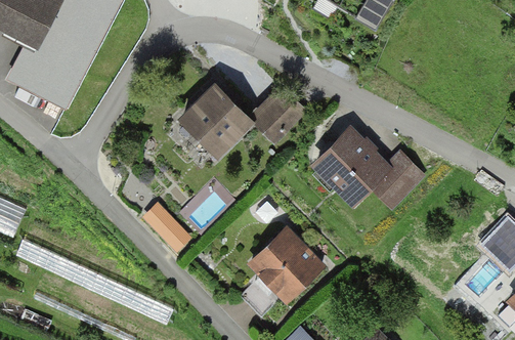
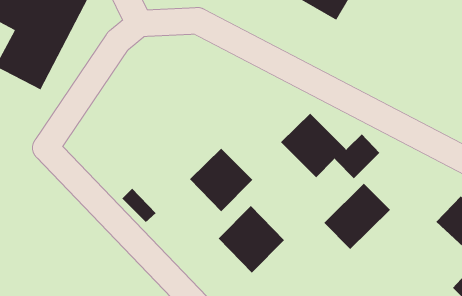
building: [182,86,250,154] -> [189,148,253,212]
building: [256,91,304,139] -> none
building: none -> [323,183,391,250]

